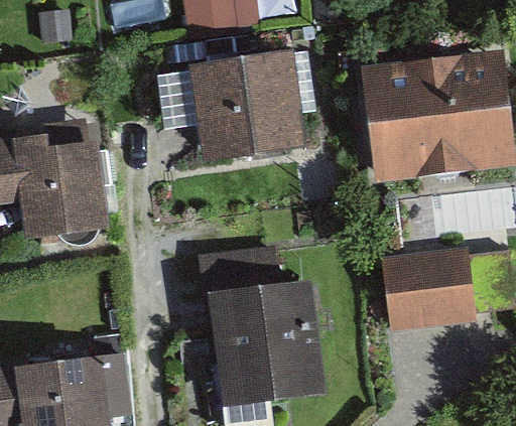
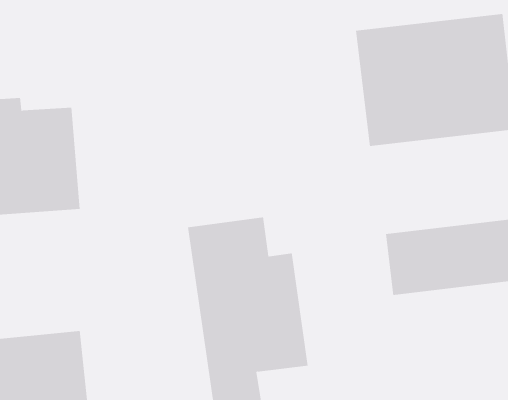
building: [167,50,312,172] -> none

